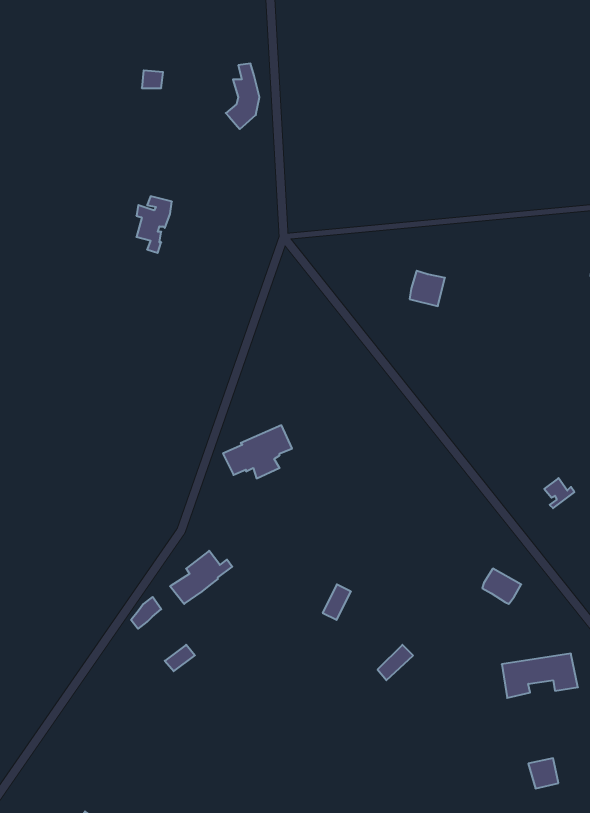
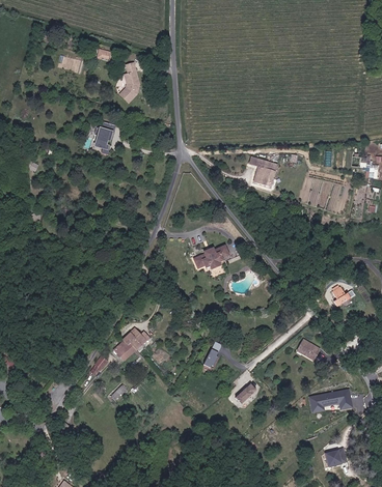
building: [226,64,259,129] -> [119,64,139,103]
building: [223,425,292,478] -> [193,240,234,271]

